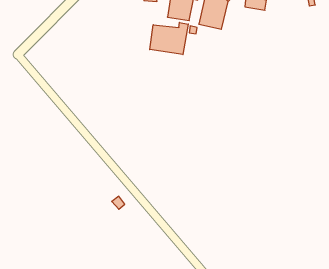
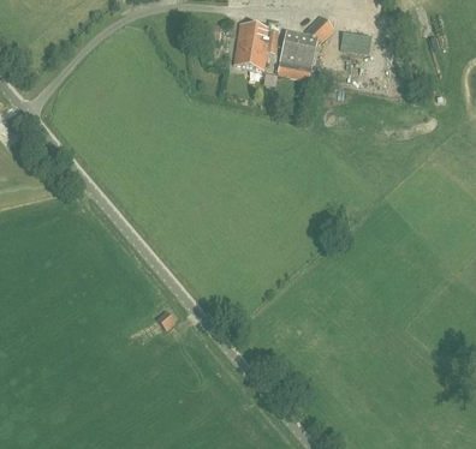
building: [150,22,188,55] -> none

